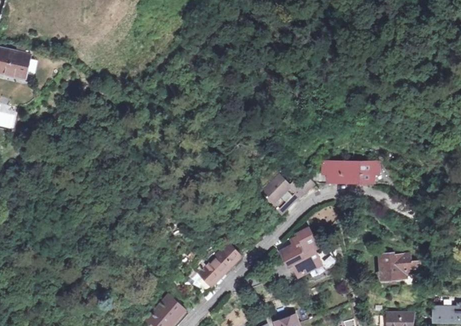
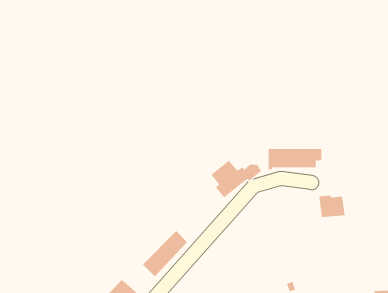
building: [279,228,319,277] -> none
building: [379,254,407,277] -> [318,195,346,218]

